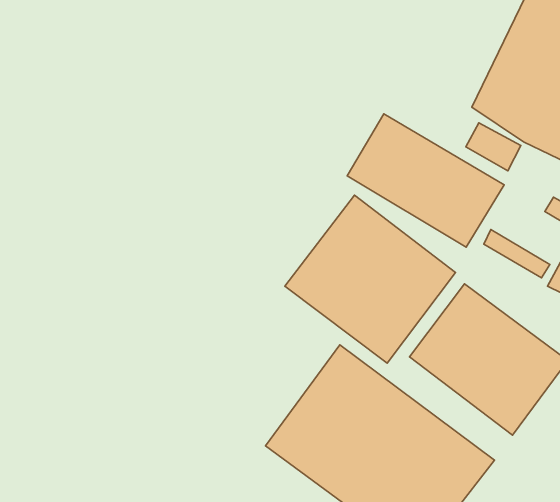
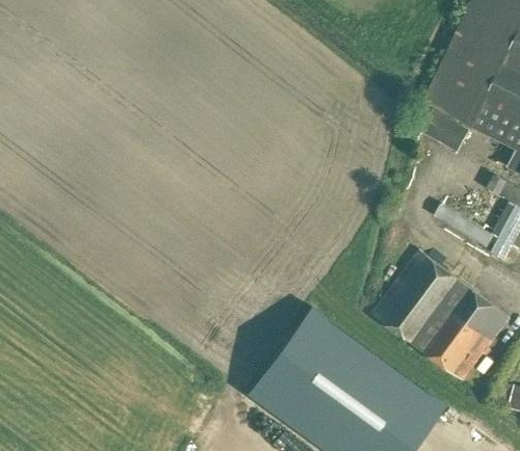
building: [347,114,504,247] -> none
building: [285,195,455,363] -> none

